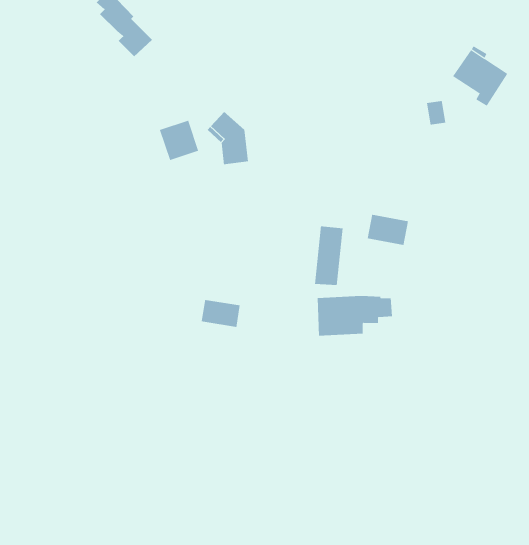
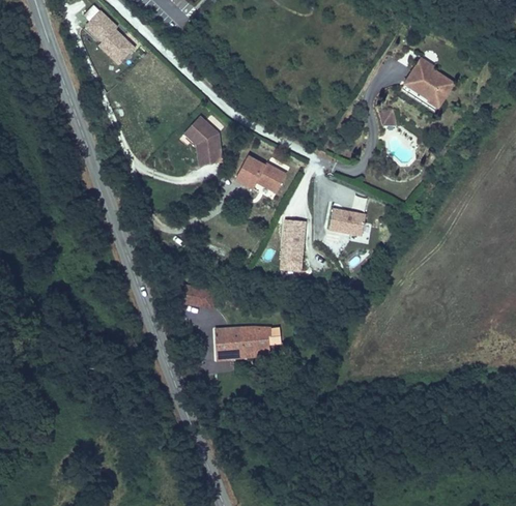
building: [159,120,199,161] -> none
building: none -> [236,156,286,192]
building: [317,295,393,336] -> [214,325,282,361]

